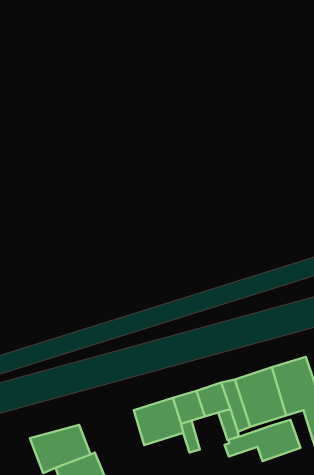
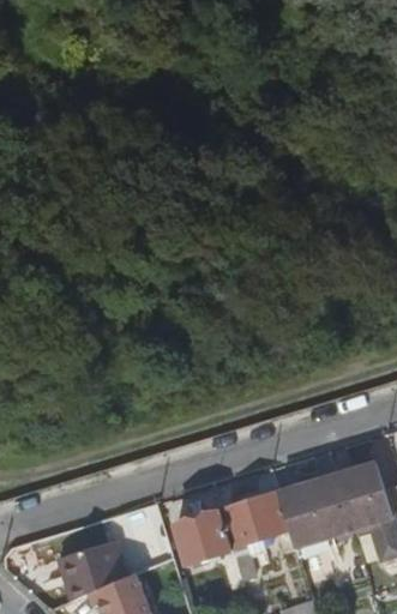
building: [225,420,300,461] -> none

